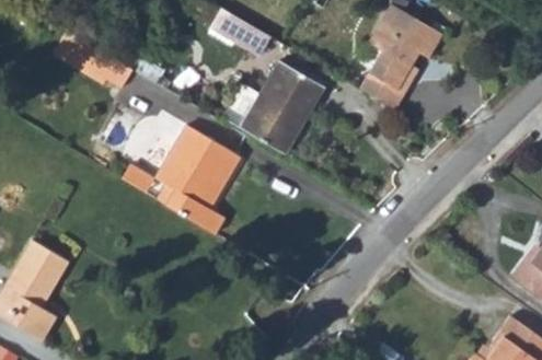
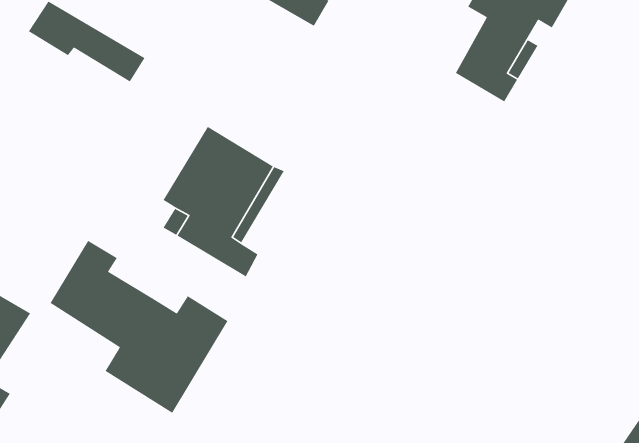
building: [241,62,324,160] -> none
building: none -> [50,240,229,414]

